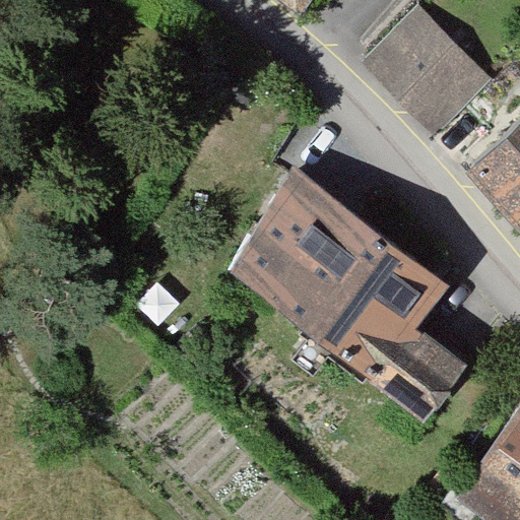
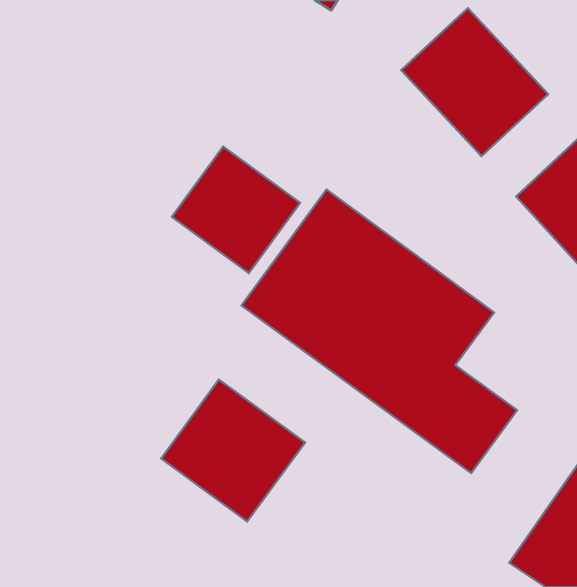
building: none -> [172,147,300,273]
building: none -> [161,379,305,522]

